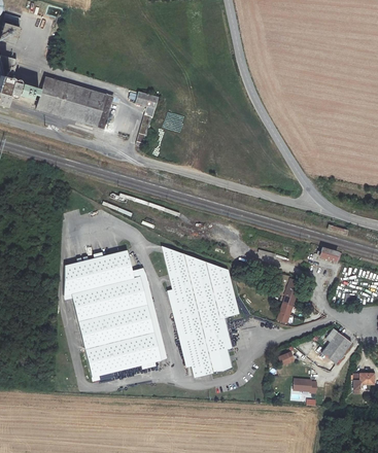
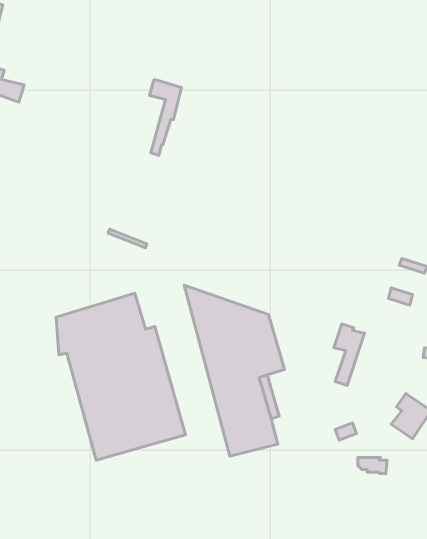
building: [37,75,114,128] -> none

